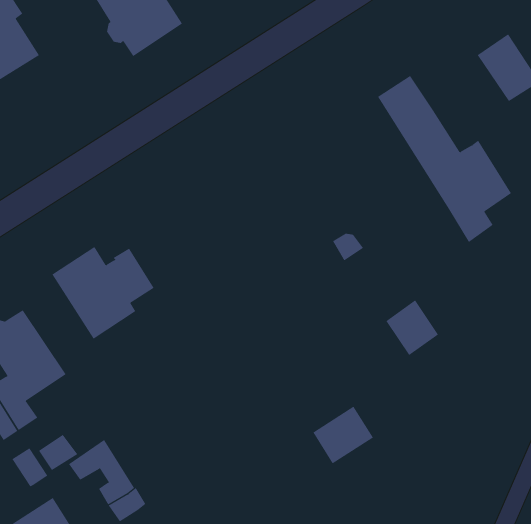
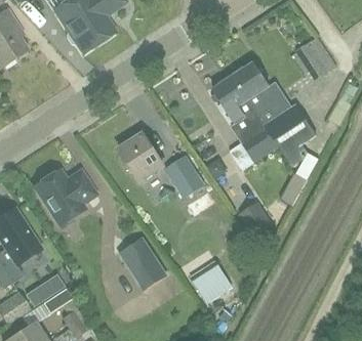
building: none -> [213,76,279,169]
building: none -> [120,133,164,180]
building: none -> [164,158,200,198]
building: none -> [119,237,167,290]

